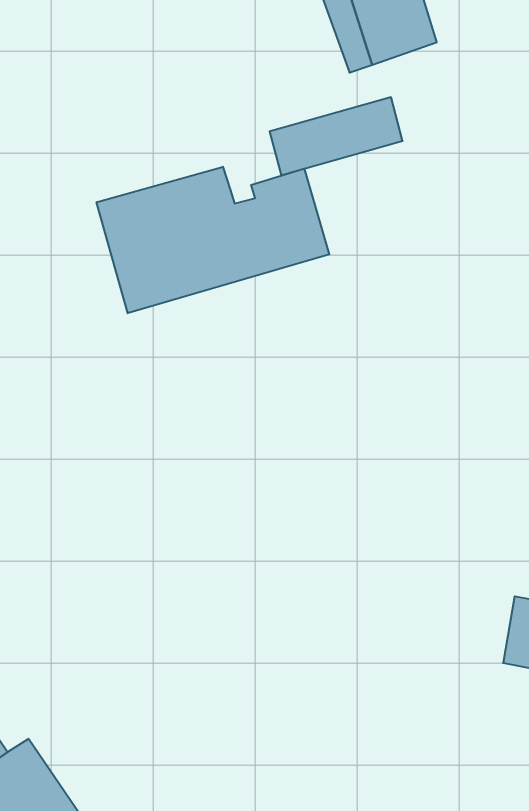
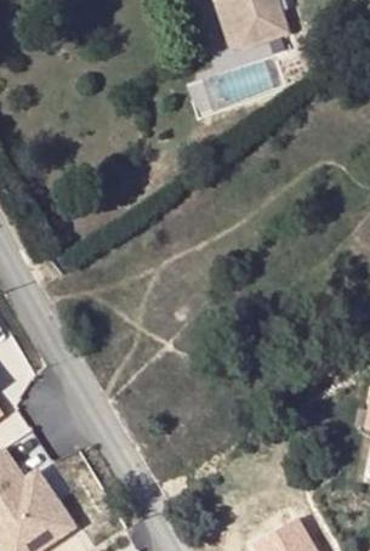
building: [97,167,329,313] -> none

